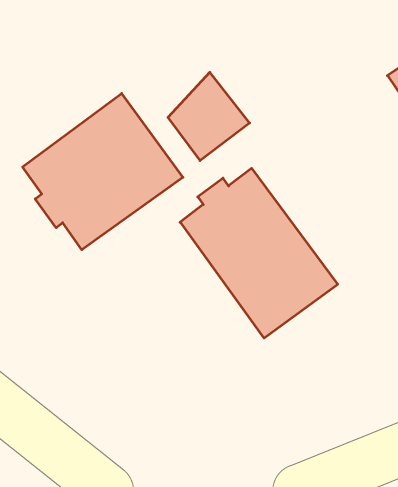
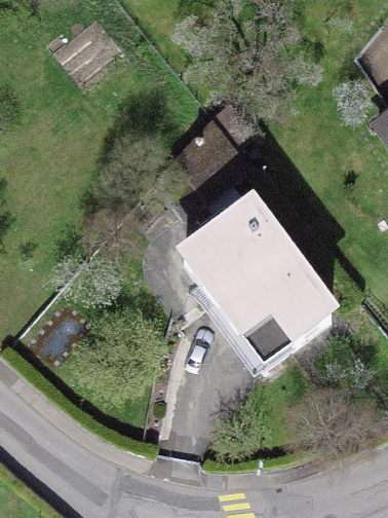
building: [23,93,183,250] -> none

